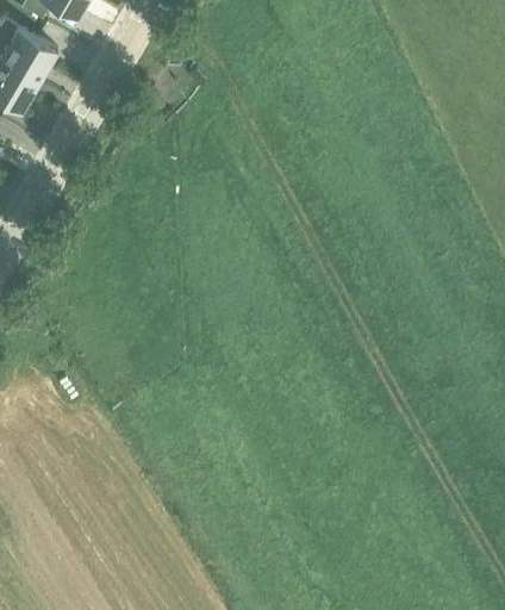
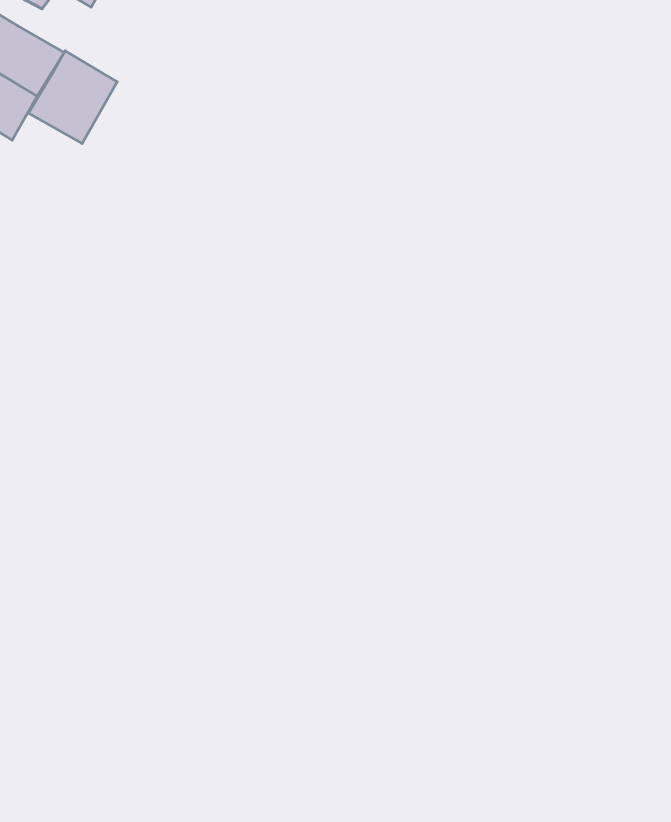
building: none -> [29,51,117,144]

